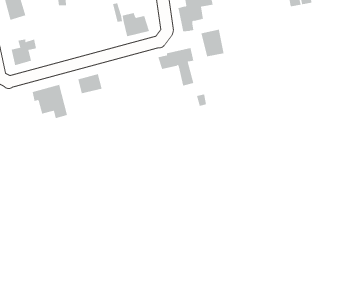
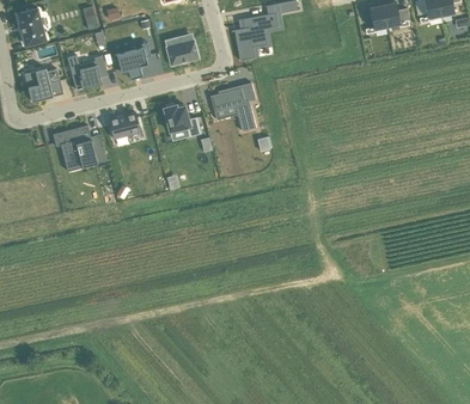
building: none -> [117,44,149,79]
building: none -> [62,47,105,85]
building: [201,29,224,57] -> none
building: none -> [164,103,201,136]

